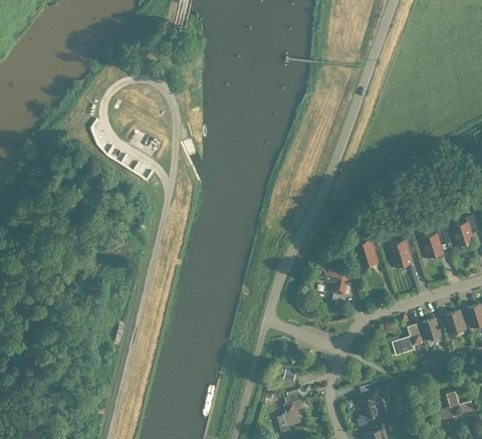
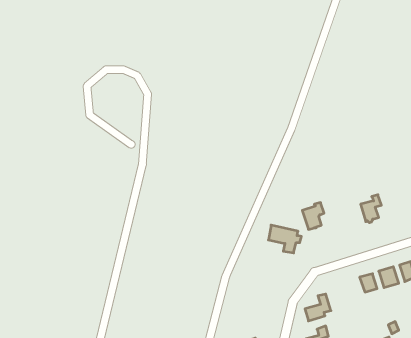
building: [453,216,476,247] -> none
building: [390,237,415,267] -> none
building: [392,324,422,356] -> [305,294,331,321]

